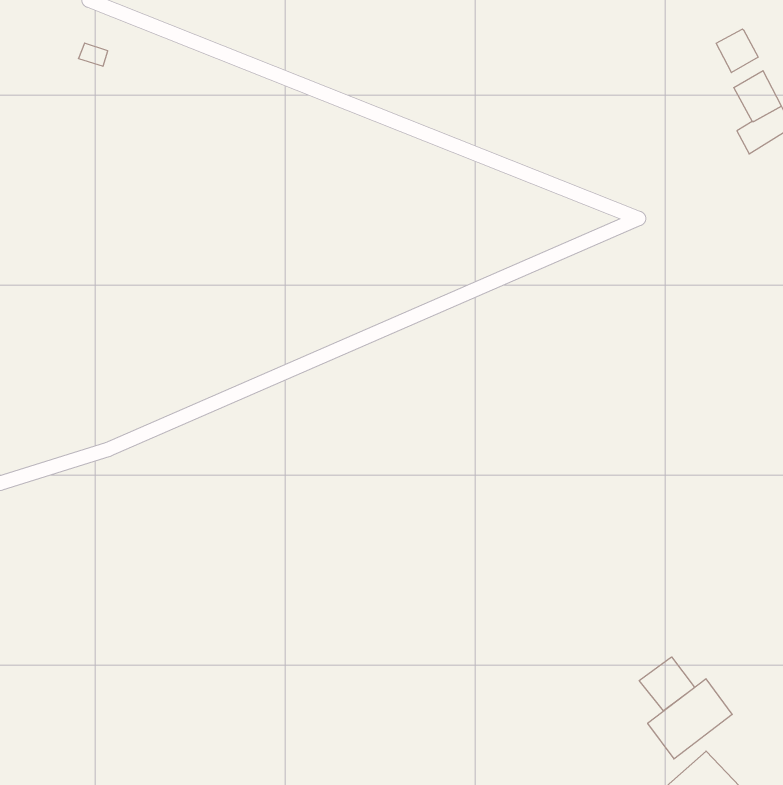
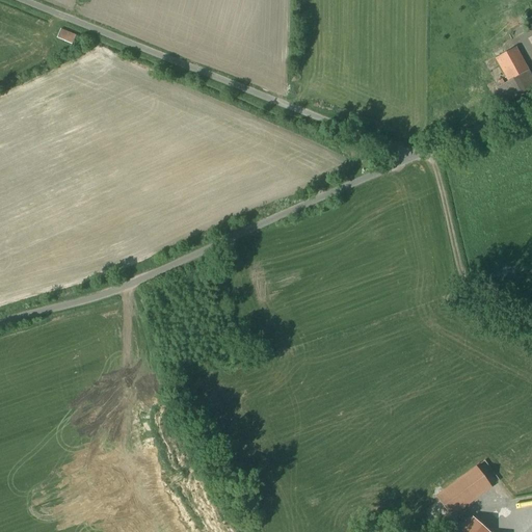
building: [716,29,758,73] -> none
building: [639,657,694,711] -> none

